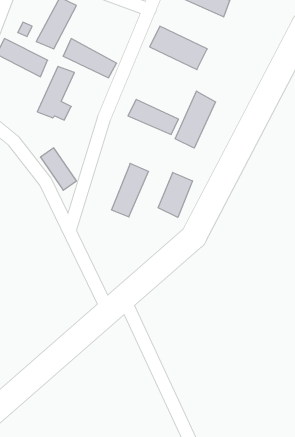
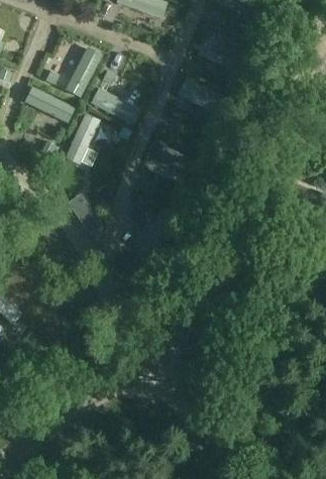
building: [175,91,216,148] -> none
building: [158,172,192,217] -> none

